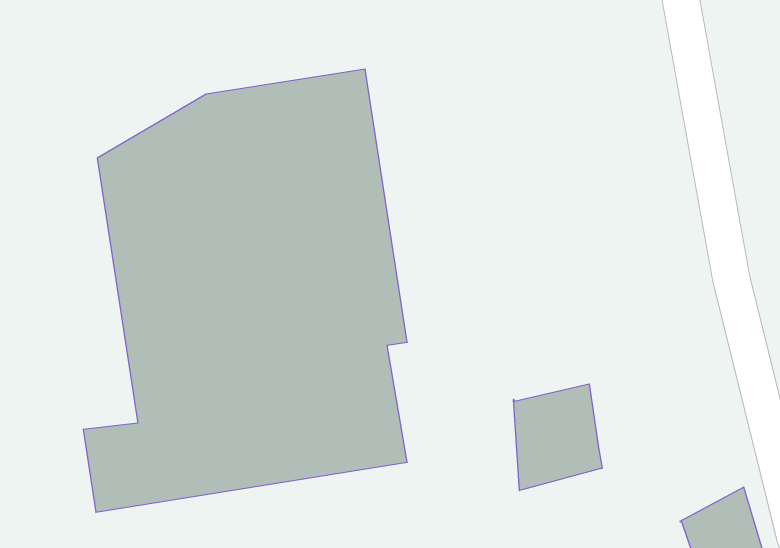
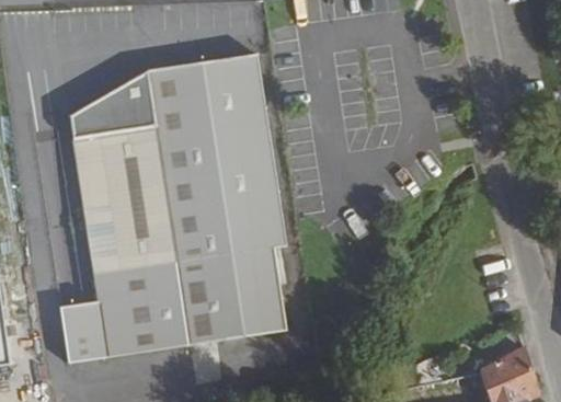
building: [514,384,602,491] -> none

